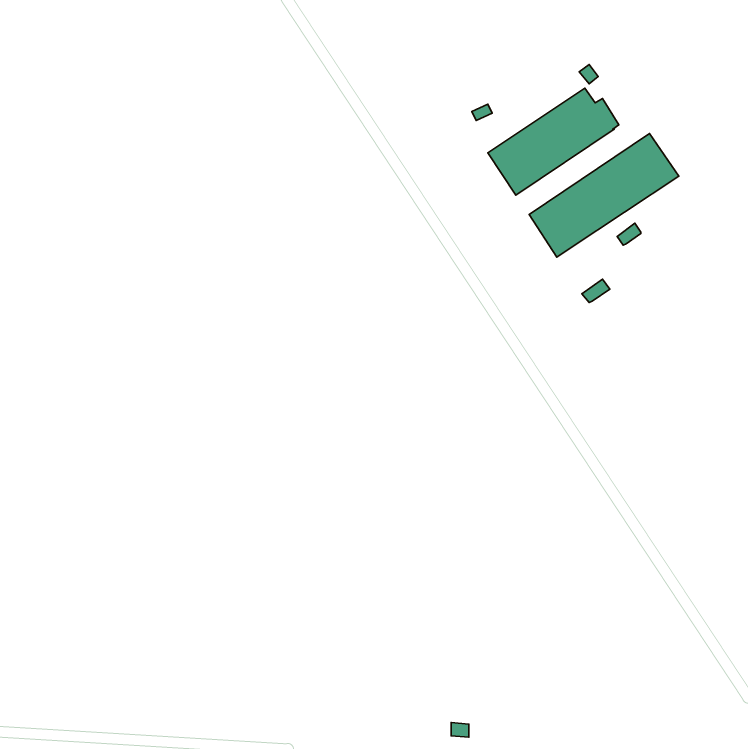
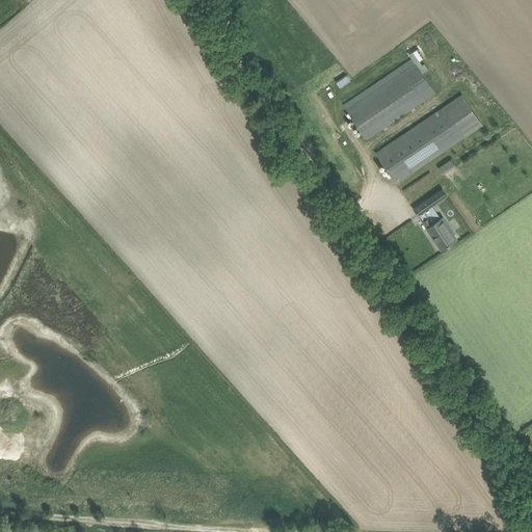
building: none -> [421,216,455,248]

